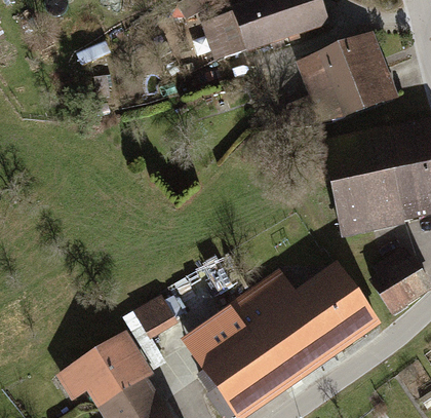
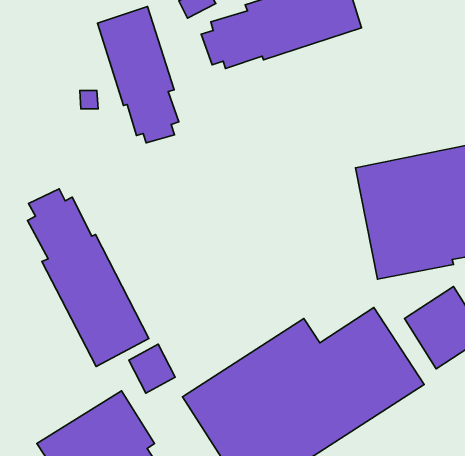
building: none -> [98,7,179,143]
building: [291,33,399,134] -> none
building: none -> [27,189,149,366]

